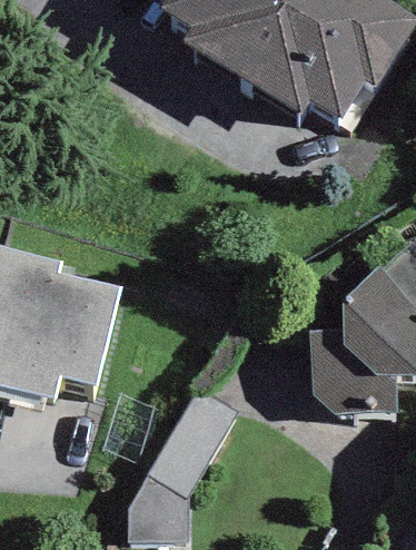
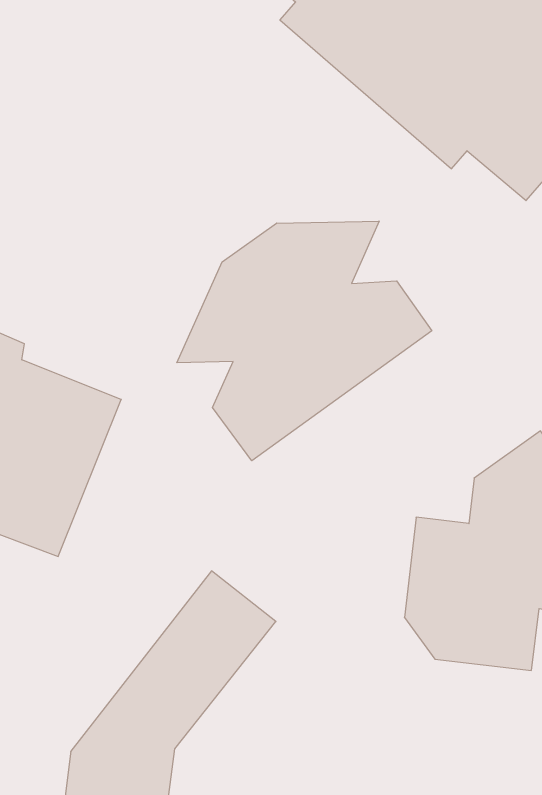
building: none -> [177,221,432,461]

